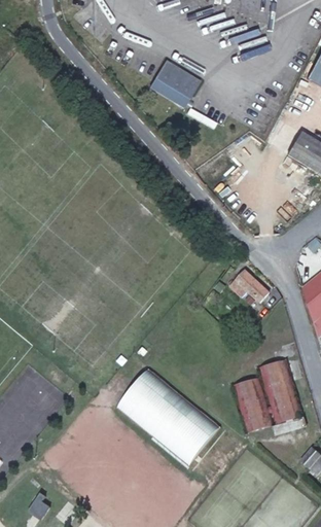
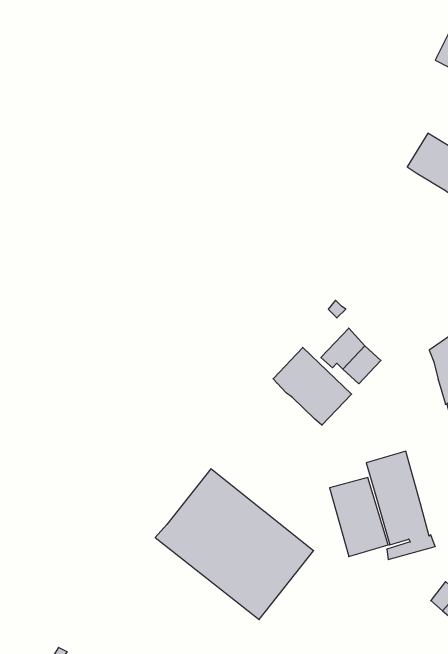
building: [155,67,198,109] -> none
building: none -> [273,347,352,425]

